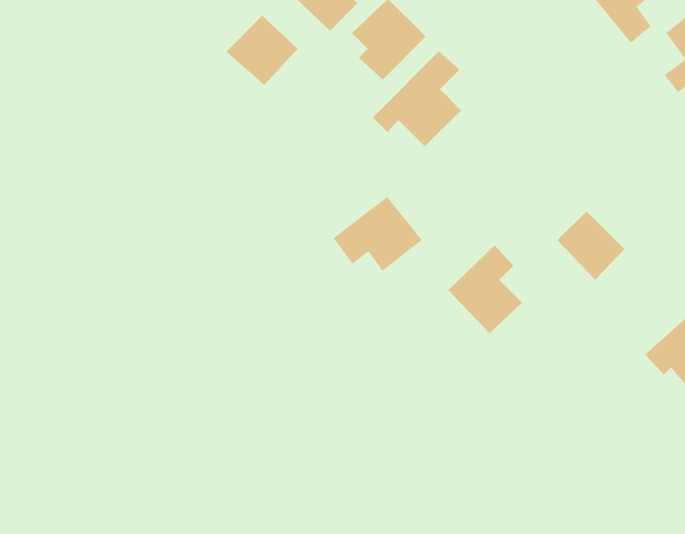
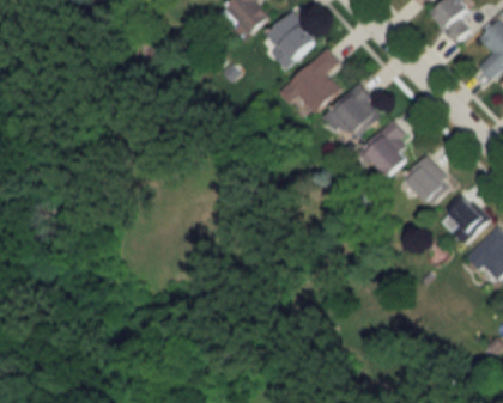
building: [226,15,299,86] -> none
building: [333,196,423,272] -> [322,86,383,138]
building: [447,245,523,334] -> [358,120,410,181]
building: none -> [442,197,486,240]

